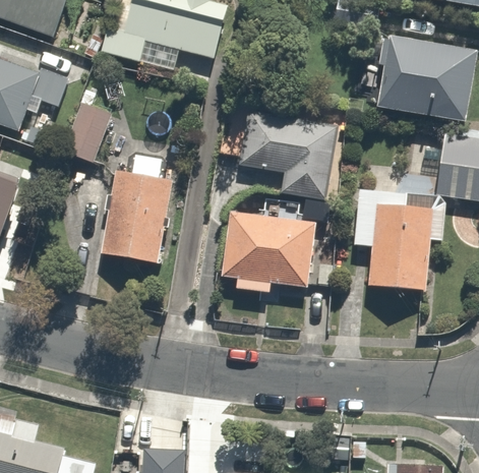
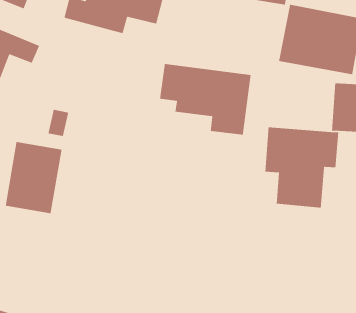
building: [61,98,115,164] -> none
building: [100,174,173,267] -> [5,141,63,214]
building: [218,211,315,293] -> none

